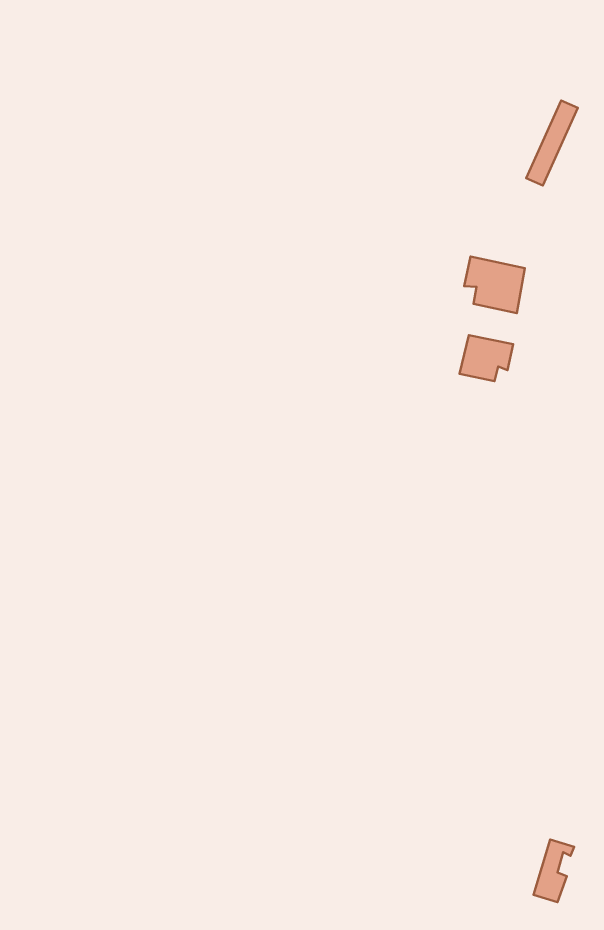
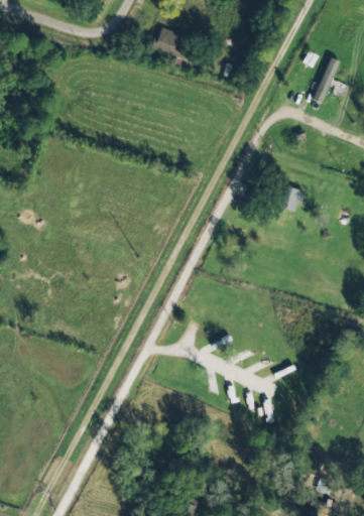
building: none -> [151,27,193,61]
building: [464,257,525,313] -> none

